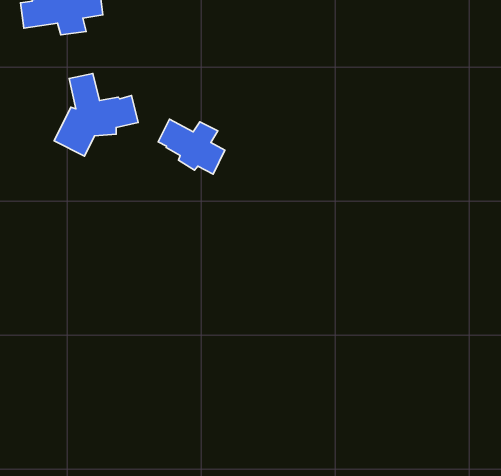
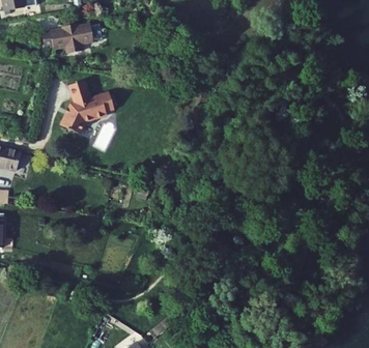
building: [158,119,225,174] -> none

